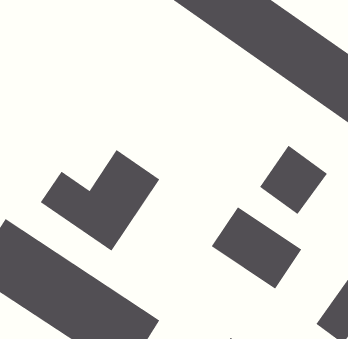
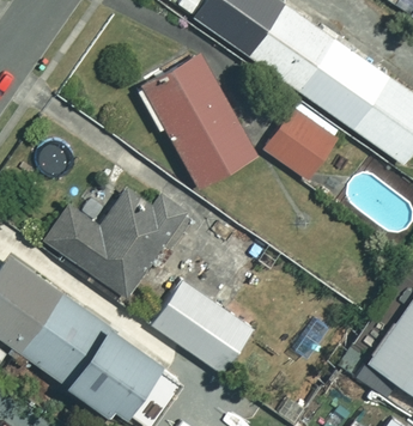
building: none -> [138,56,259,189]
building: [259,145,328,215] -> [265,103,341,181]
building: [211,206,302,289] -> [152,281,254,373]

